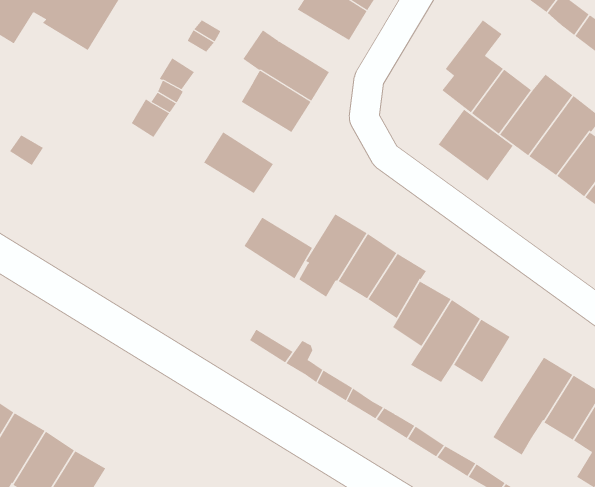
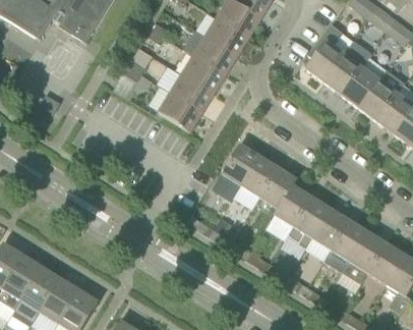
building: none -> [204,17,248,56]
building: [438,109,514,182] -> none
building: [244,217,313,279] -> [170,74,213,113]
building: none -> [323,220,368,272]

